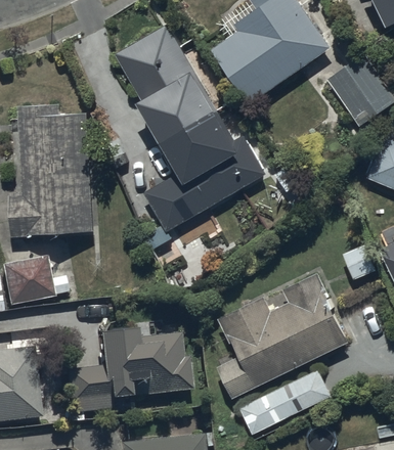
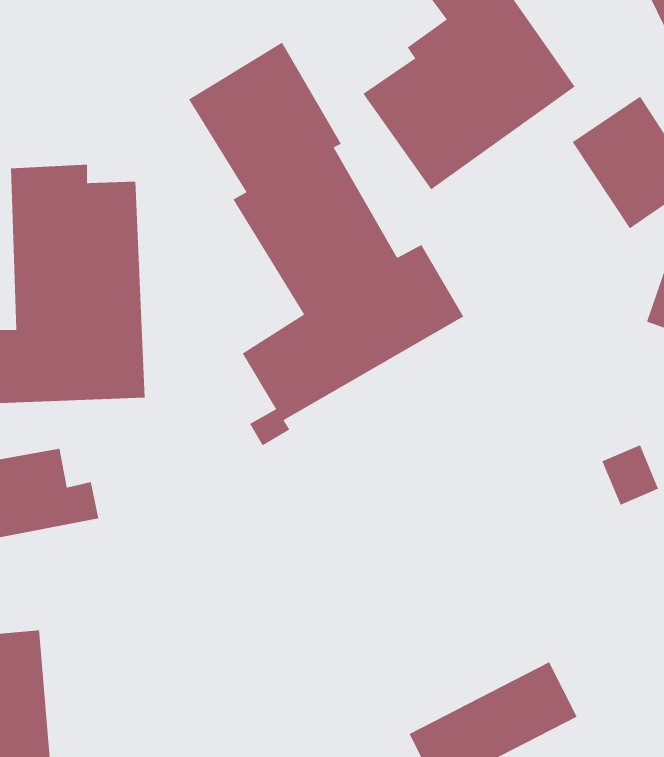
building: [219,277,351,401] -> none
building: [69,334,193,414] -> none

